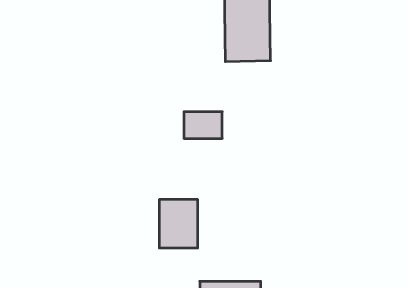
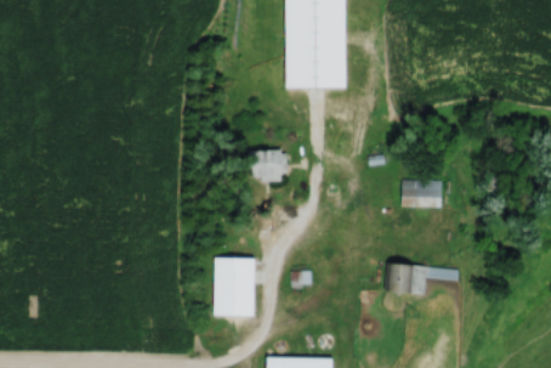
building: none -> [397,180,439,206]
building: none -> [385,264,456,294]

